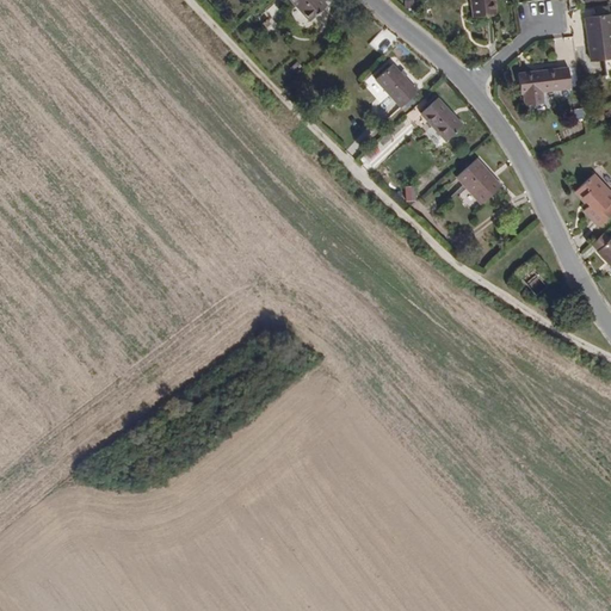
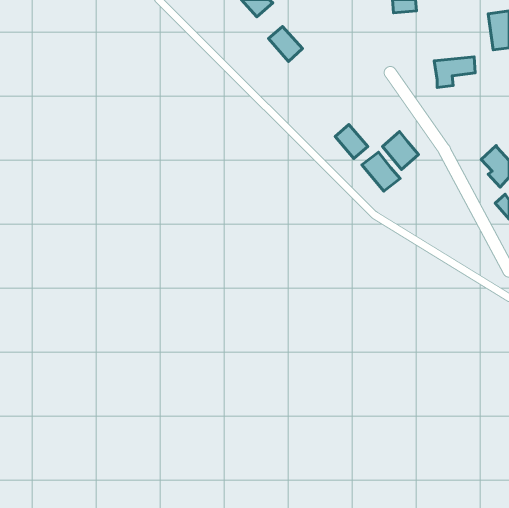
building: [377,64,418,106] -> [269,27,302,61]
building: [421,98,461,138] -> [335,125,368,158]
building: none -> [362,152,400,191]

